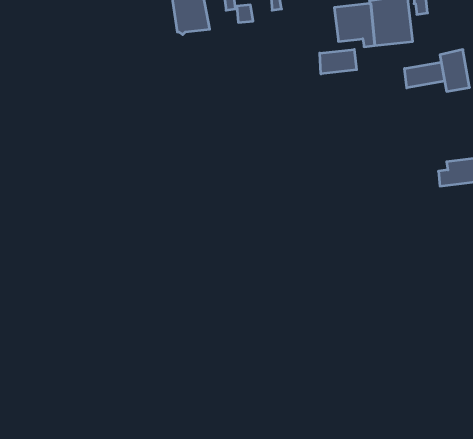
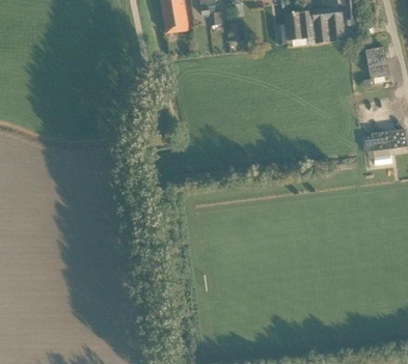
building: [320,49,357,74] -> none
building: [405,62,445,88] -> none

